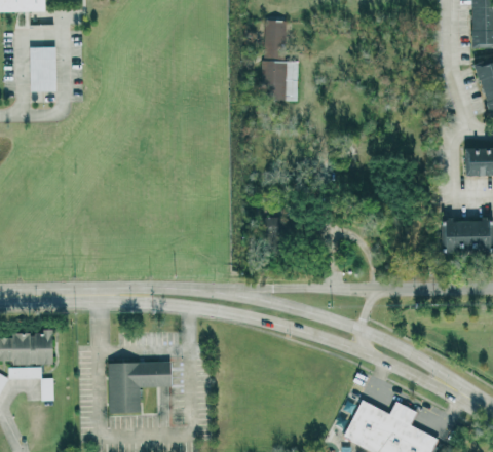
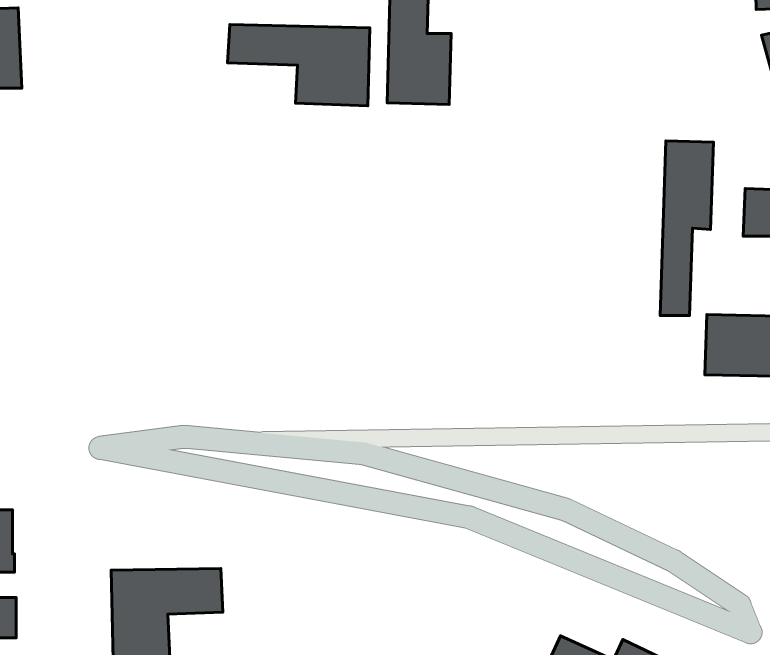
building: none -> [228,25,370,106]
building: none -> [660,141,713,316]

